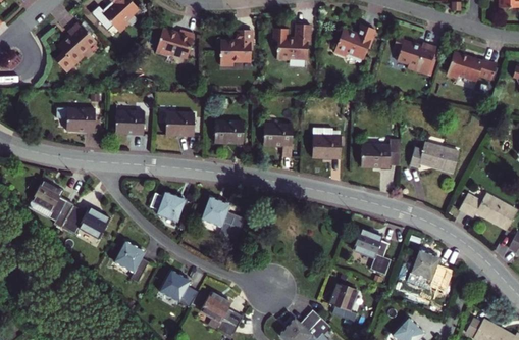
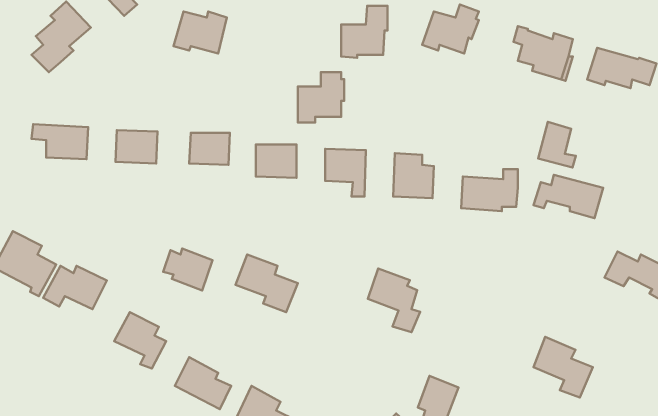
building: [221,29,254,64] -> [298,72,344,123]
building: none -> [538,122,576,167]
building: [354,230,391,275] -> [368,269,420,332]

